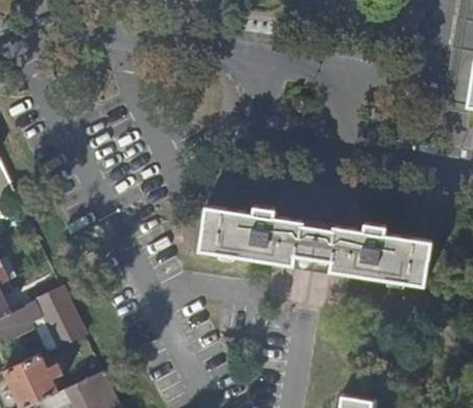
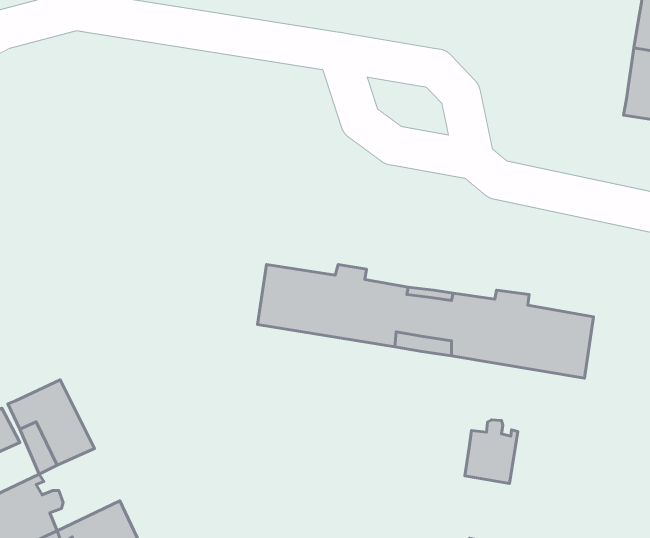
building: none -> [465,420,518,484]

